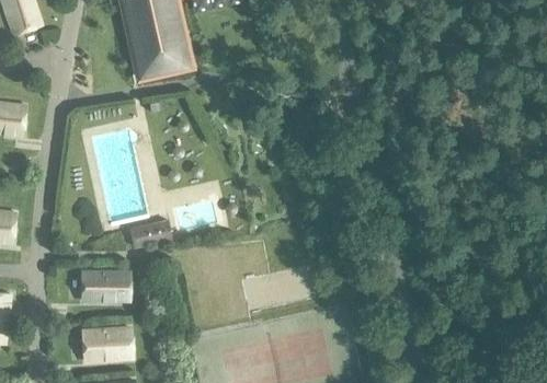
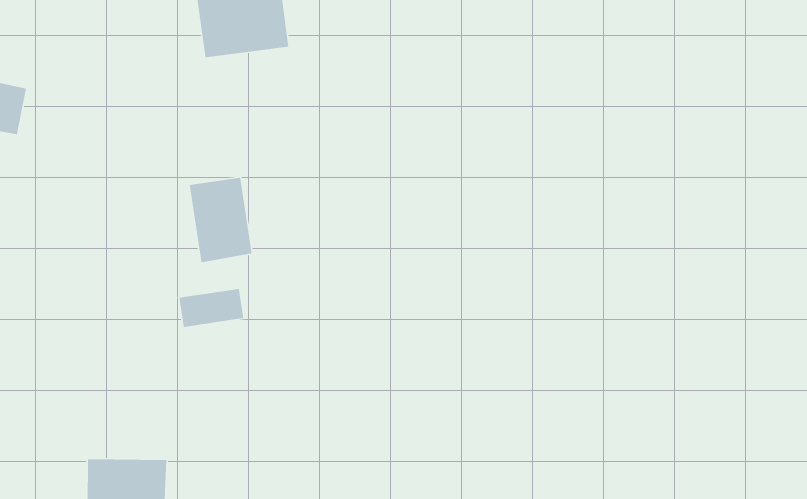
building: none -> [189,177,252,263]
building: [80,269,129,300] -> none

